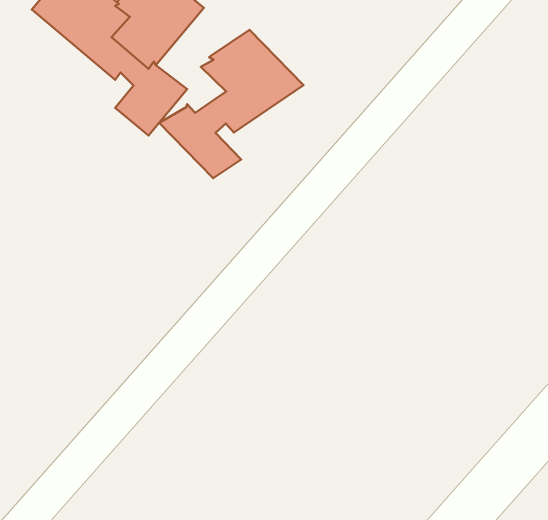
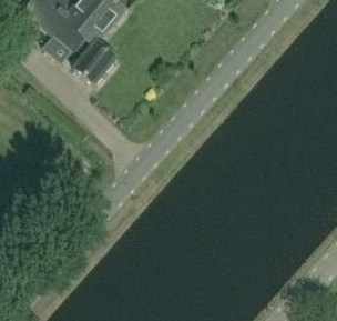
building: [159,30,304,178] -> none

